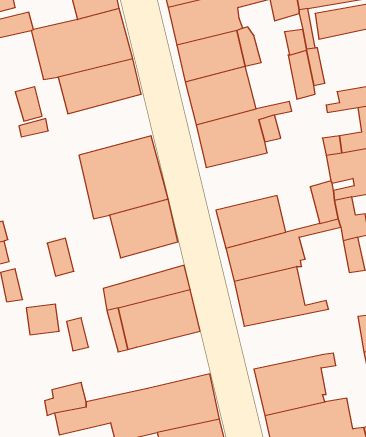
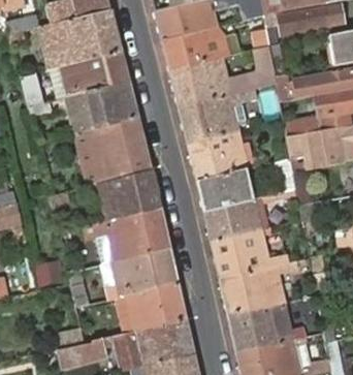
building: none -> [65,83,139,136]
building: none -> [186,132,246,181]
building: none -> [85,208,167,247]
building: none -> [218,260,304,315]
building: none -> [120,283,189,332]

